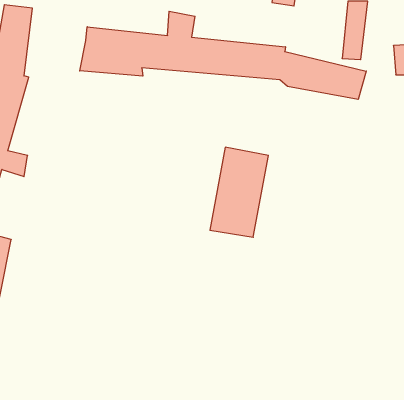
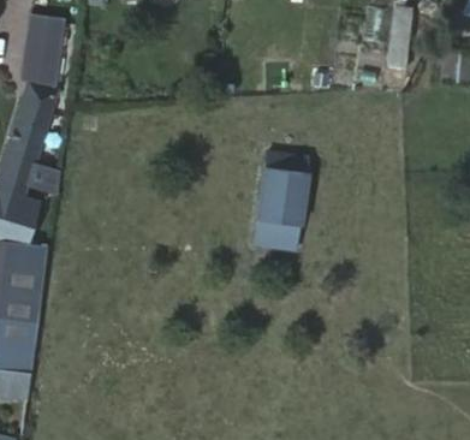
building: [80,11,366,99] -> none

